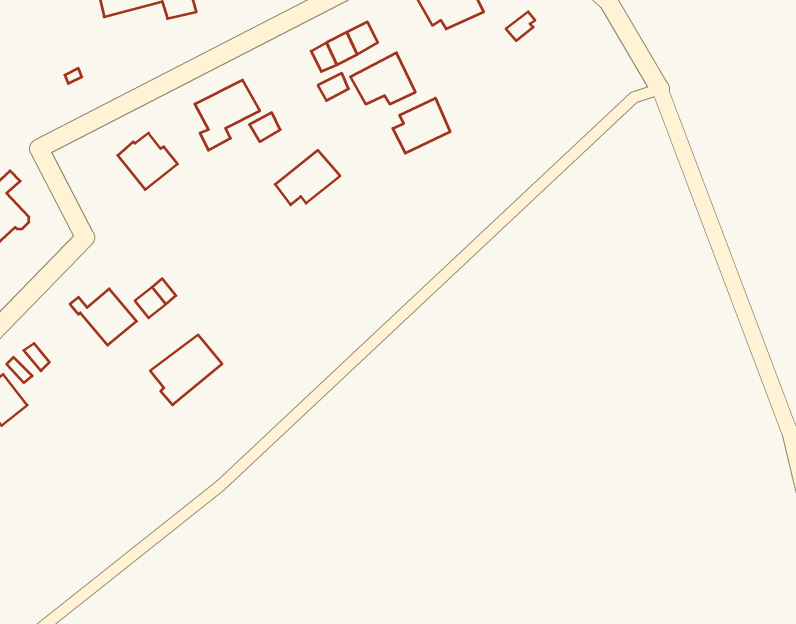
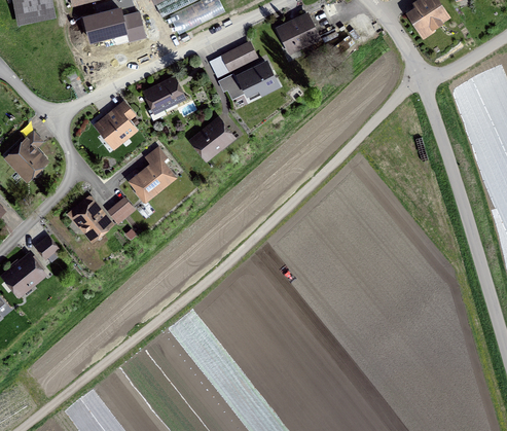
building: [393,98,450,153] -> none
building: [150,335,222,405] -> [130,158,173,201]

